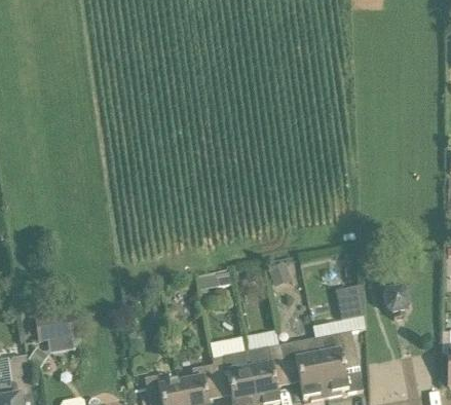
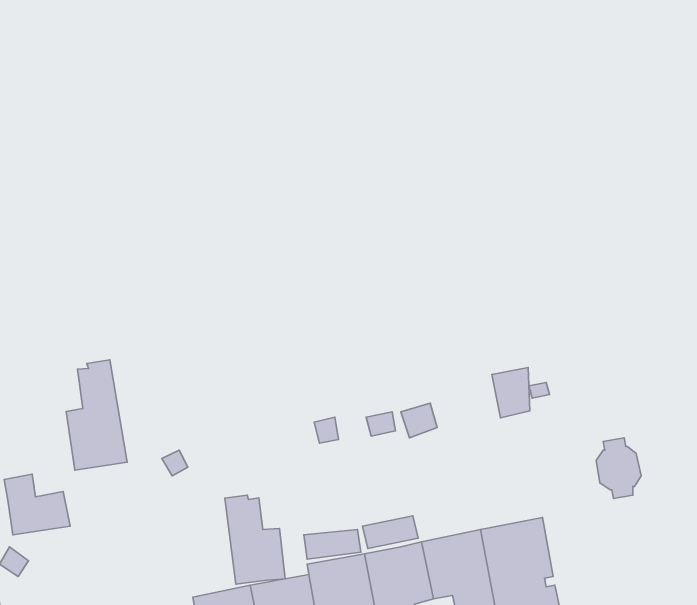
building: none -> [66,360,127,470]
building: [342,290,365,320] -> [492,367,530,418]
building: none -> [225,495,285,584]

